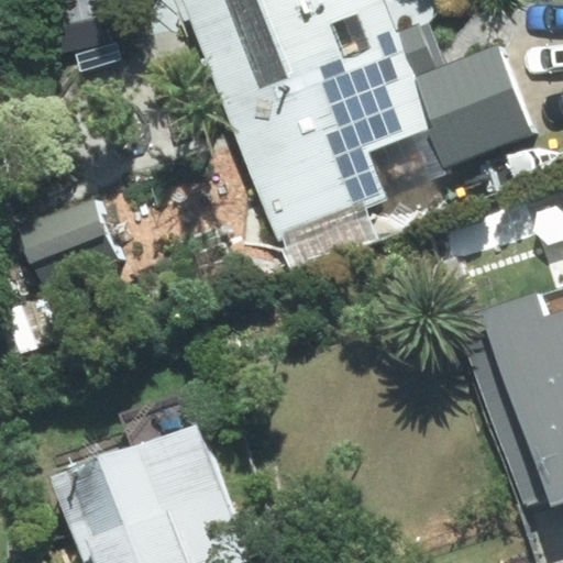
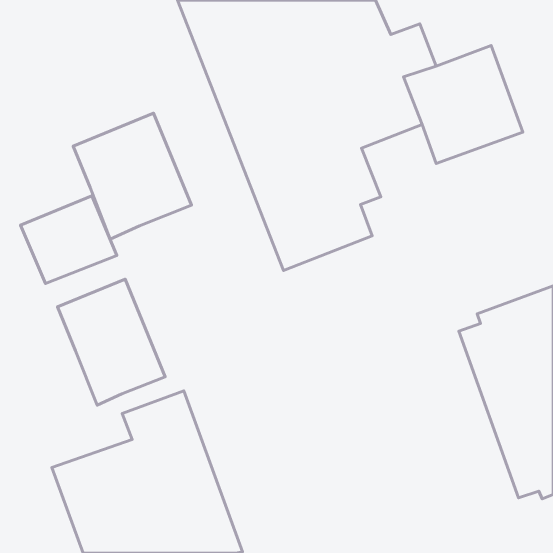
building: none -> [73,113,191,239]
building: none -> [58,279,165,405]

